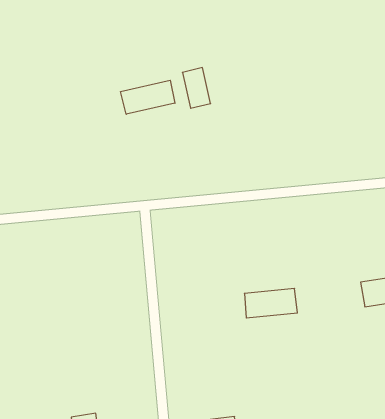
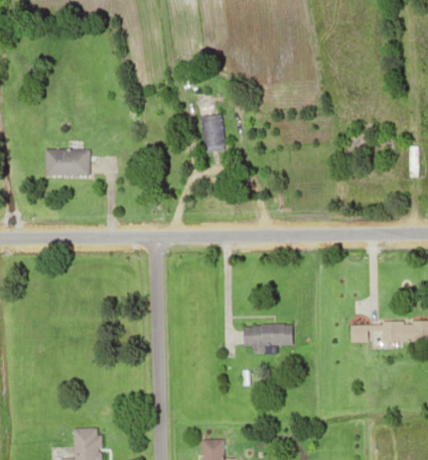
building: [121,80,175,114] -> none
building: none -> [45,150,89,175]

